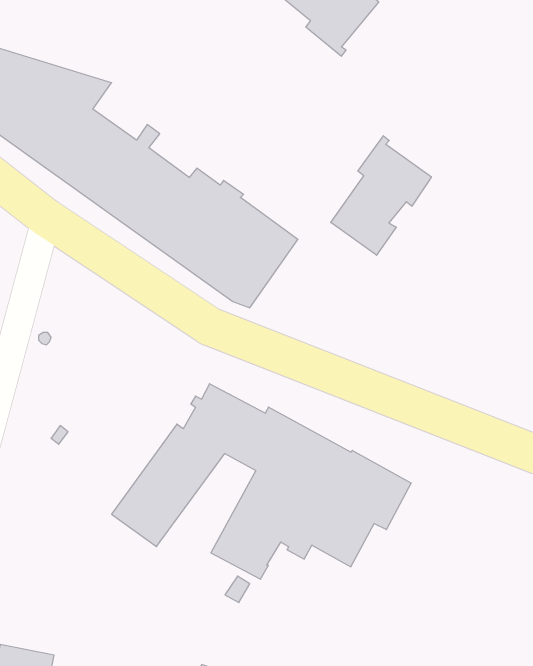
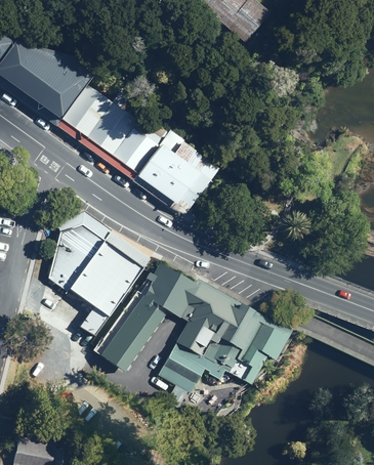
building: [331,136,431,255] -> none
building: none -> [50,224,141,334]

